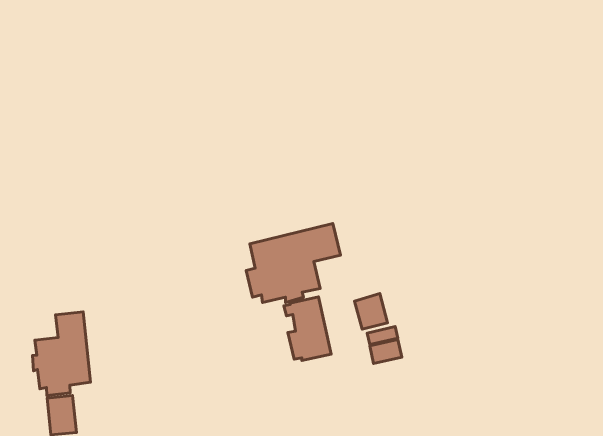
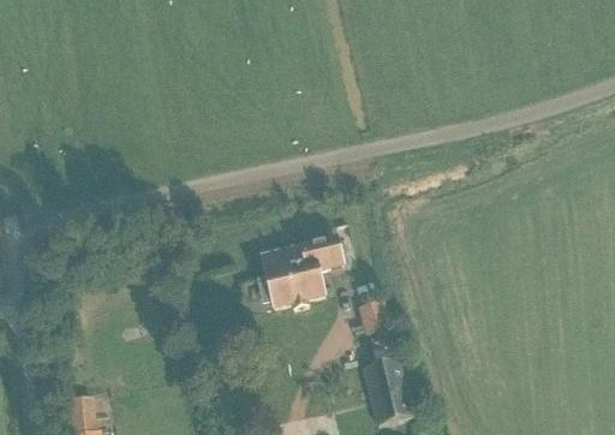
building: [284,297,331,360] -> [370,362,414,422]
building: [32,312,91,395] -> none

